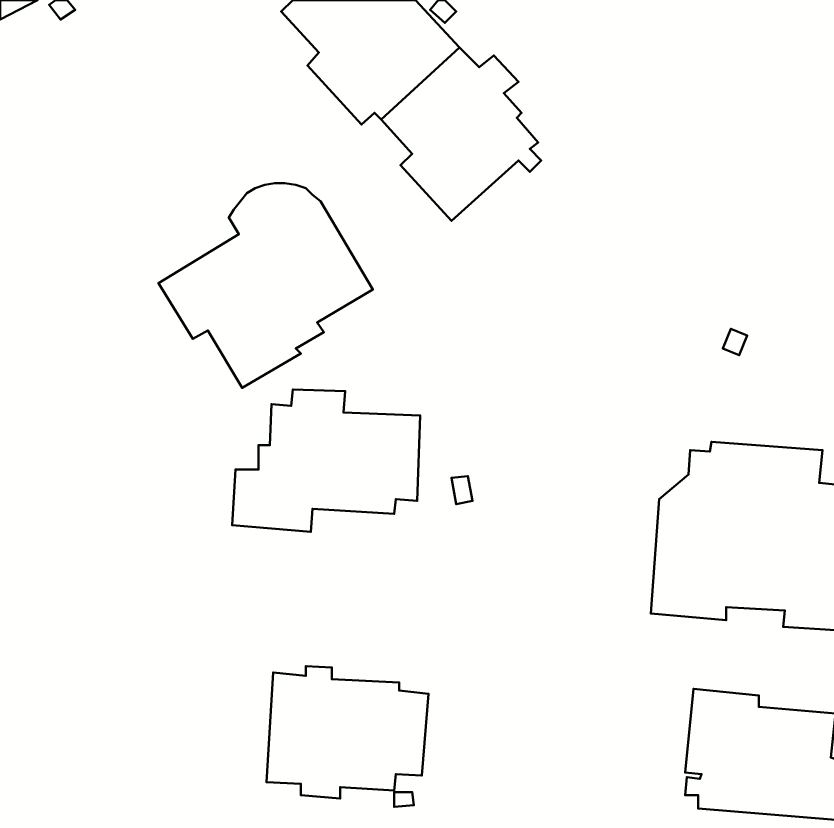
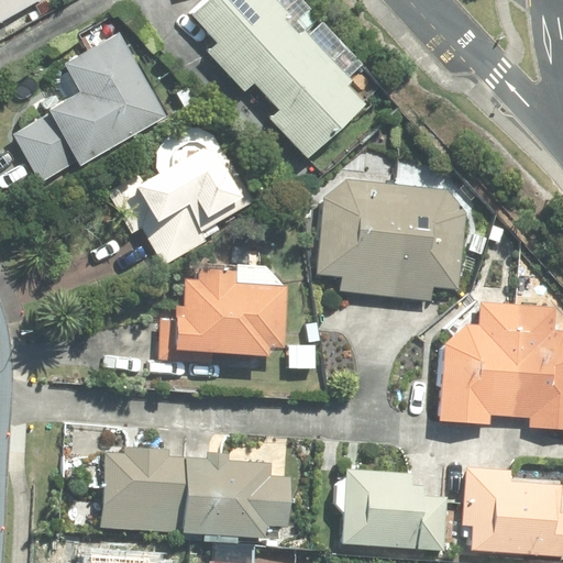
building: none -> [12,32,167,185]
building: none -> [316,179,466,300]
building: none -> [99,449,185,532]
building: none -> [341,468,449,552]

